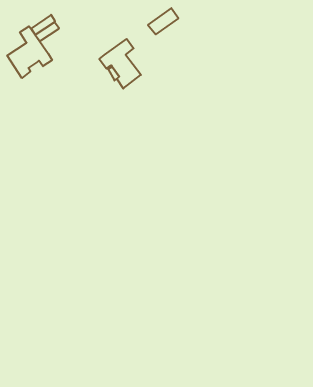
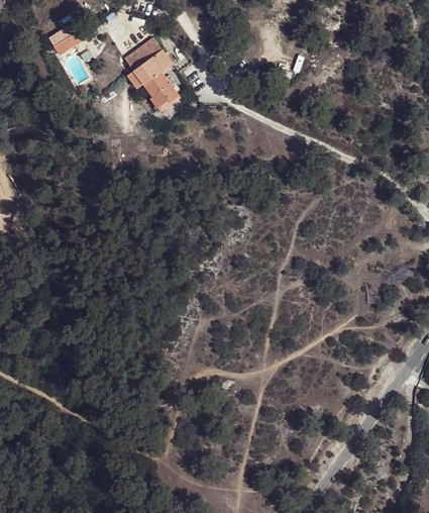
building: [148,8,178,34] -> [124,36,163,70]
building: [7,26,52,78] -> none

